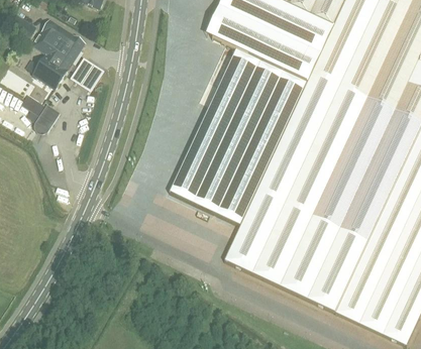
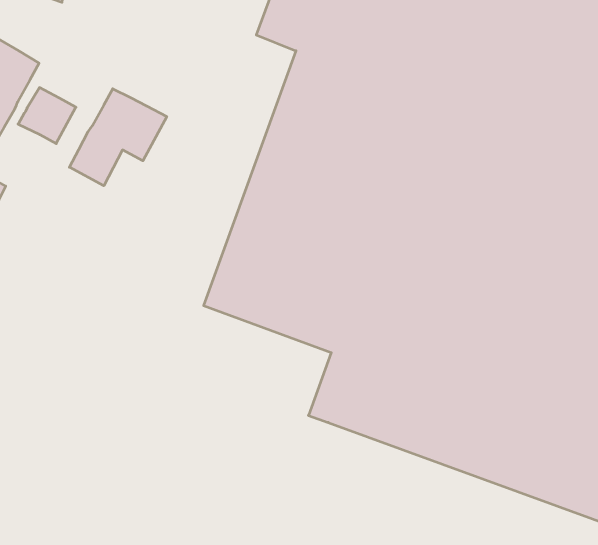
building: none -> [69,89,167,186]

